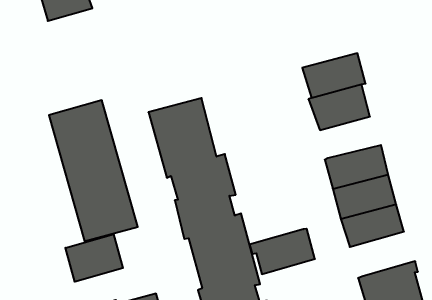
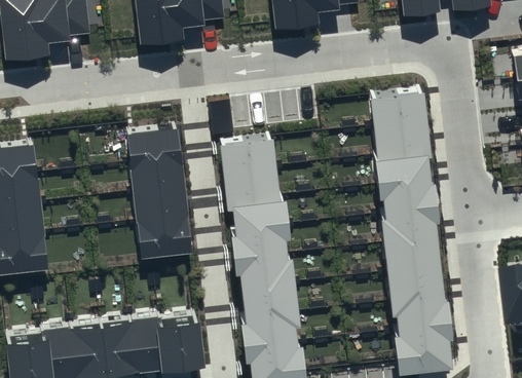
building: none -> [371,91,427,126]
building: none -> [380,182,436,216]
building: [249,229,315,274] -> [390,297,450,333]
building: [65,234,123,282] -> none

